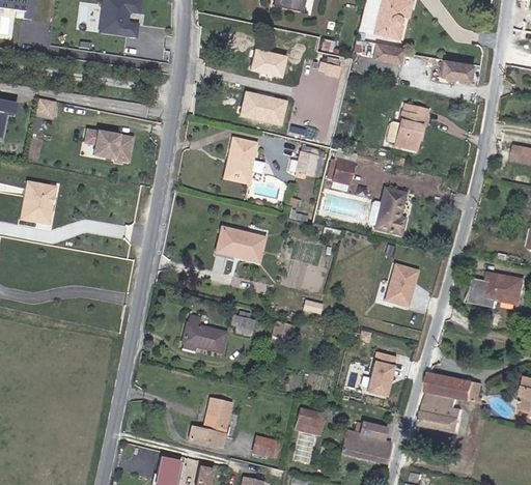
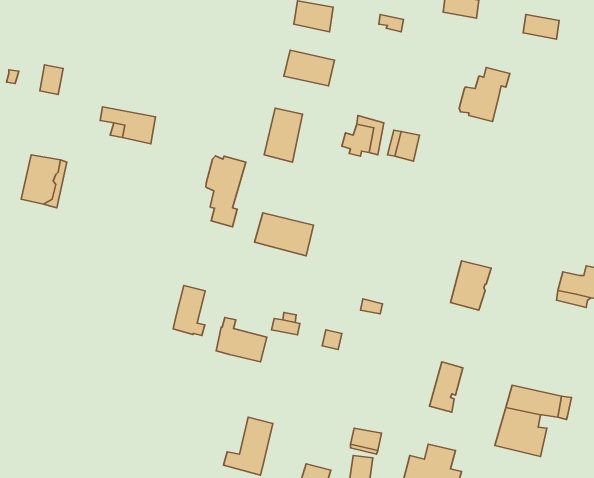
building: none -> [206,156,246,227]
building: [378,189,406,233] -> none
building: none -> [173,285,205,336]

